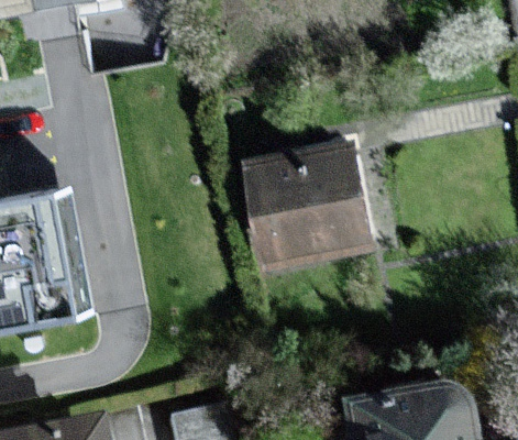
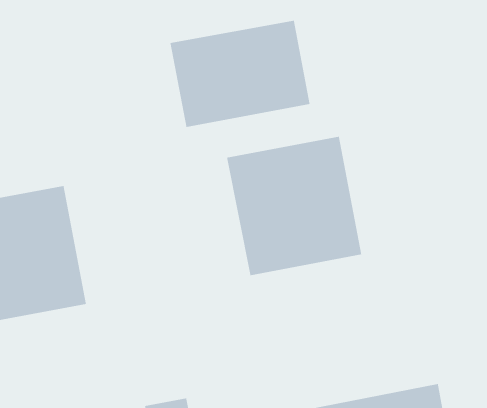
building: none -> [169,20,310,128]

